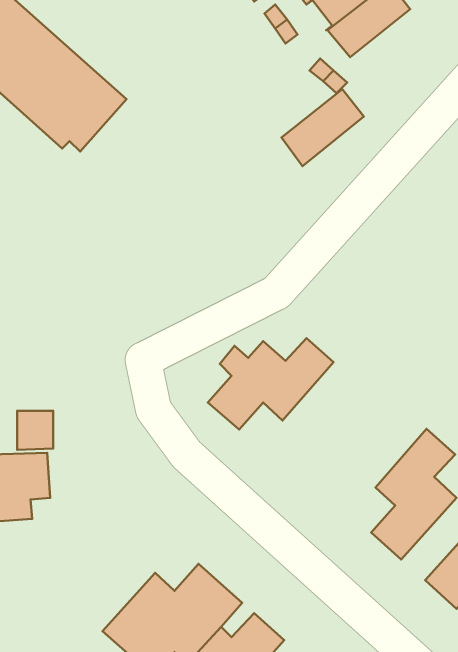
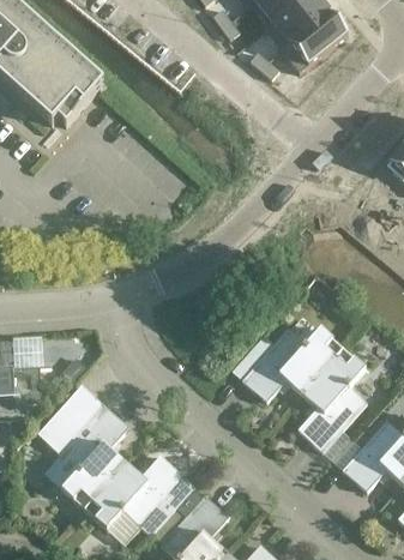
building: [281,88,364,166] -> [282,10,348,72]
building: [208,338,334,430] -> [242,327,343,401]
building: none -> [37,384,129,508]

